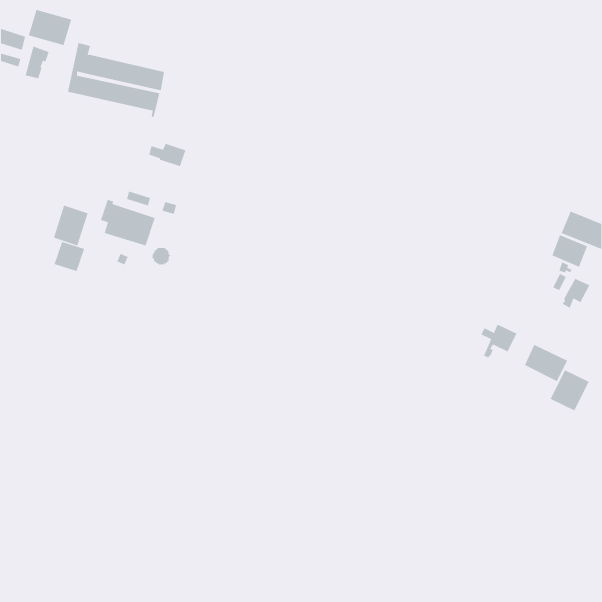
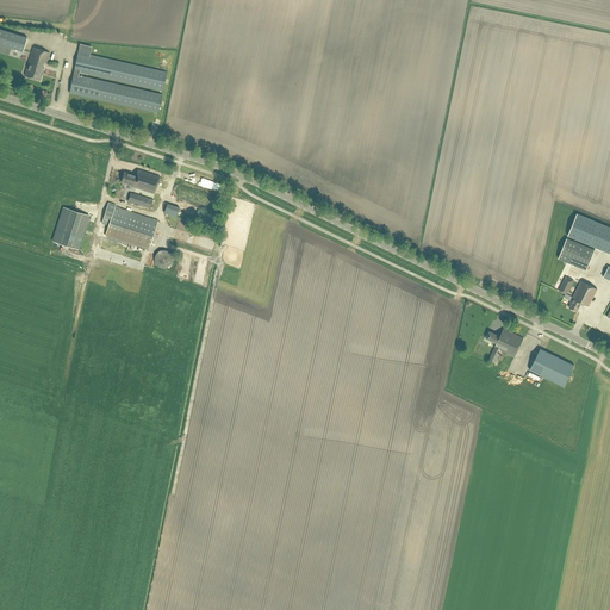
building: [28,9,72,46] -> none
building: [149,143,186,167] -> [122,169,160,193]
building: [54,241,85,272] -> none
building: [550,369,589,411] -> none

